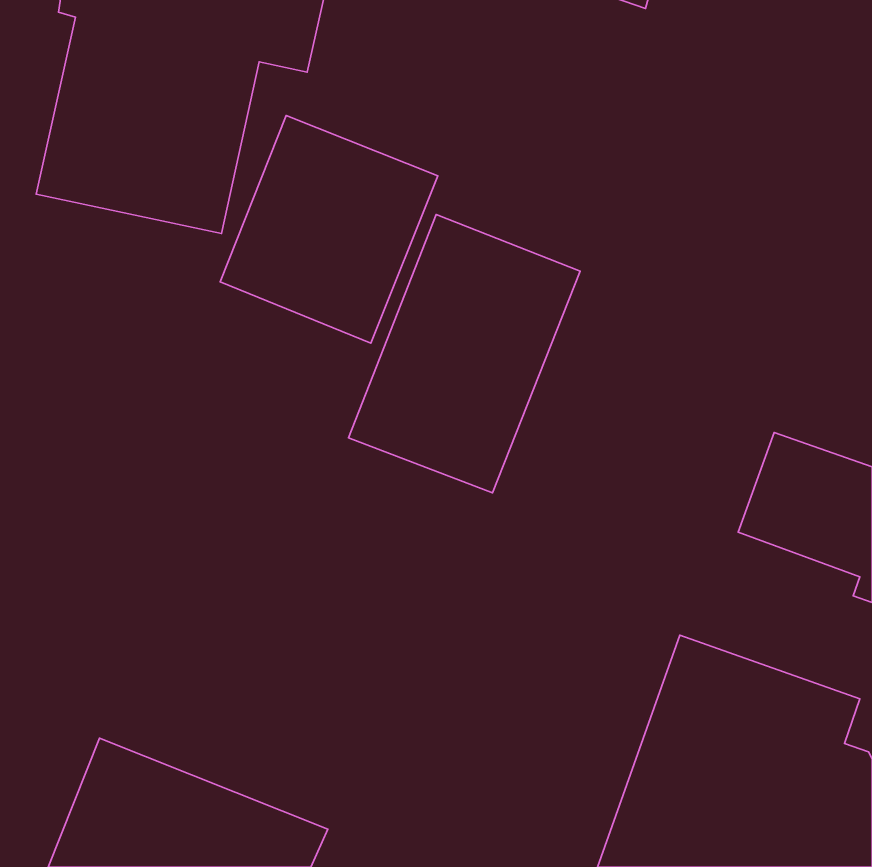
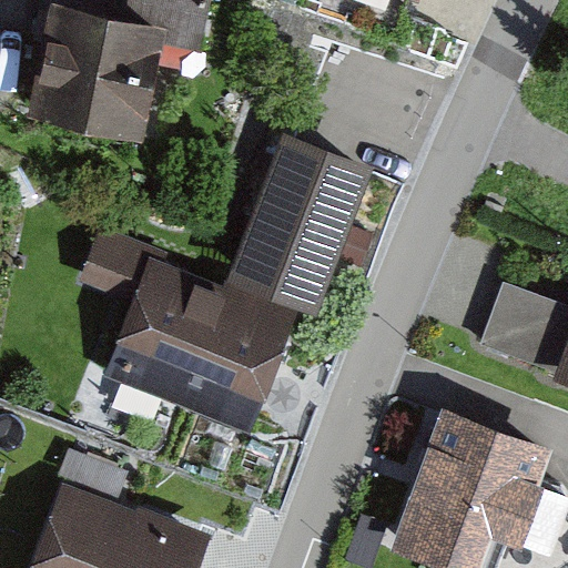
building: [220,115,438,343] -> none
building: none -> [79,235,300,437]

